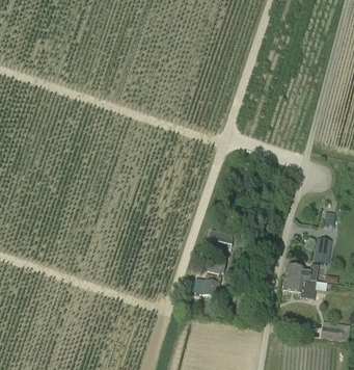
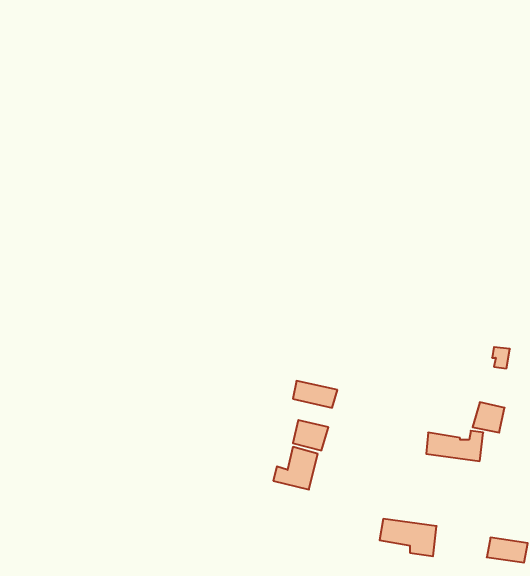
building: [282,275,316,297] -> [380,519,437,556]

